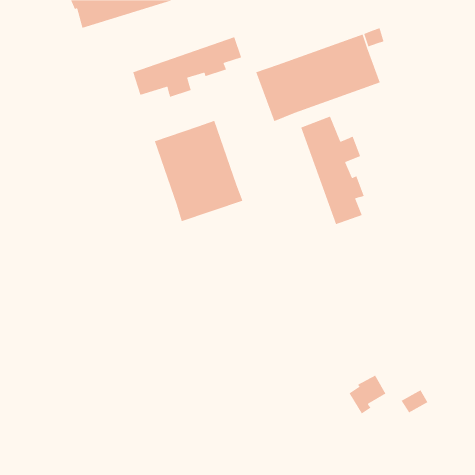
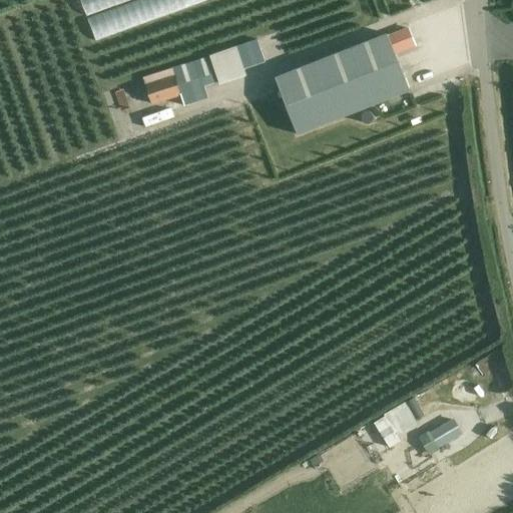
building: [300,115,365,225] -> none
building: [154,120,244,222] -> none

